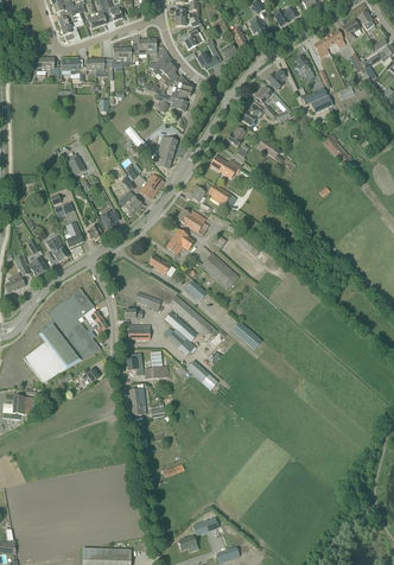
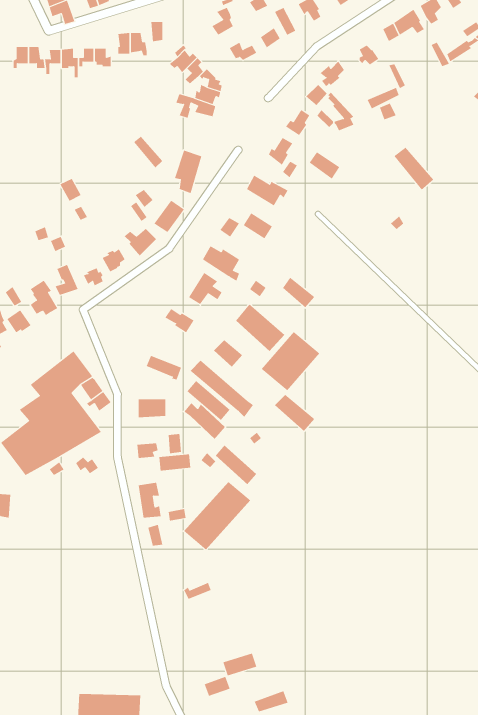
building: none -> [261,331,320,391]
building: none -> [183,481,251,550]

